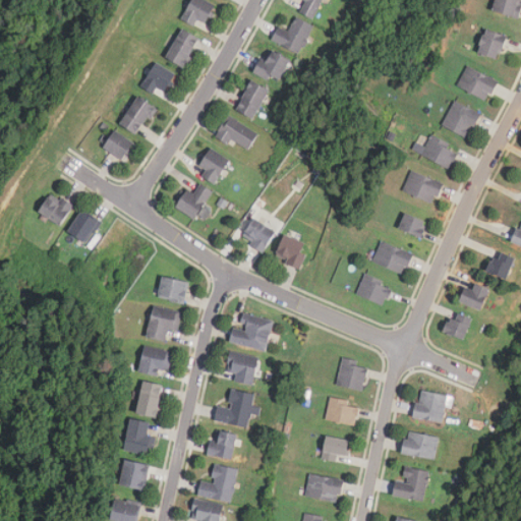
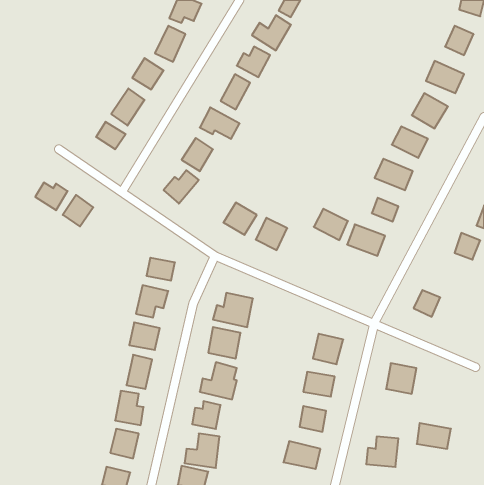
building: [354,274,391,307] -> [314,209,348,240]
building: [458,282,488,310] -> none
building: [401,431,438,459] -> [417,423,451,449]

